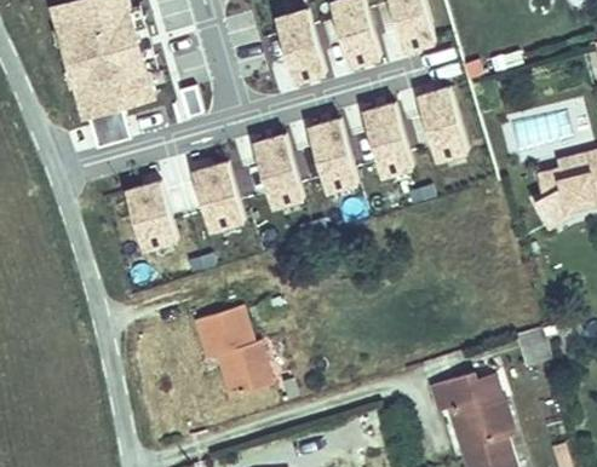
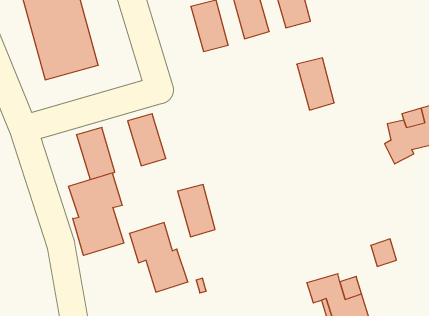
building: [362,102,411,171] -> none
building: [308,119,357,188] -> none
building: [253,134,303,203] -> [178,185,215,237]
building: none -> [69,173,124,255]

